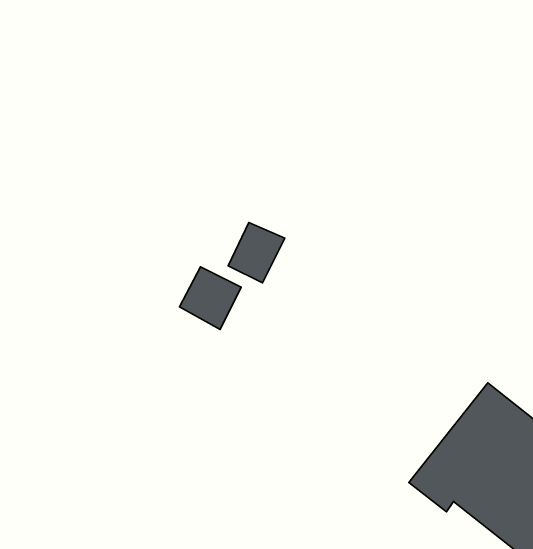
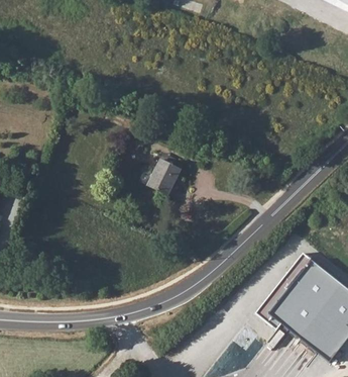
building: [179,267,241,330] -> none

